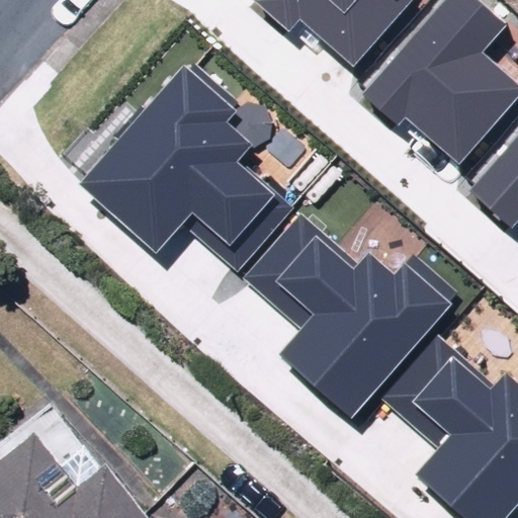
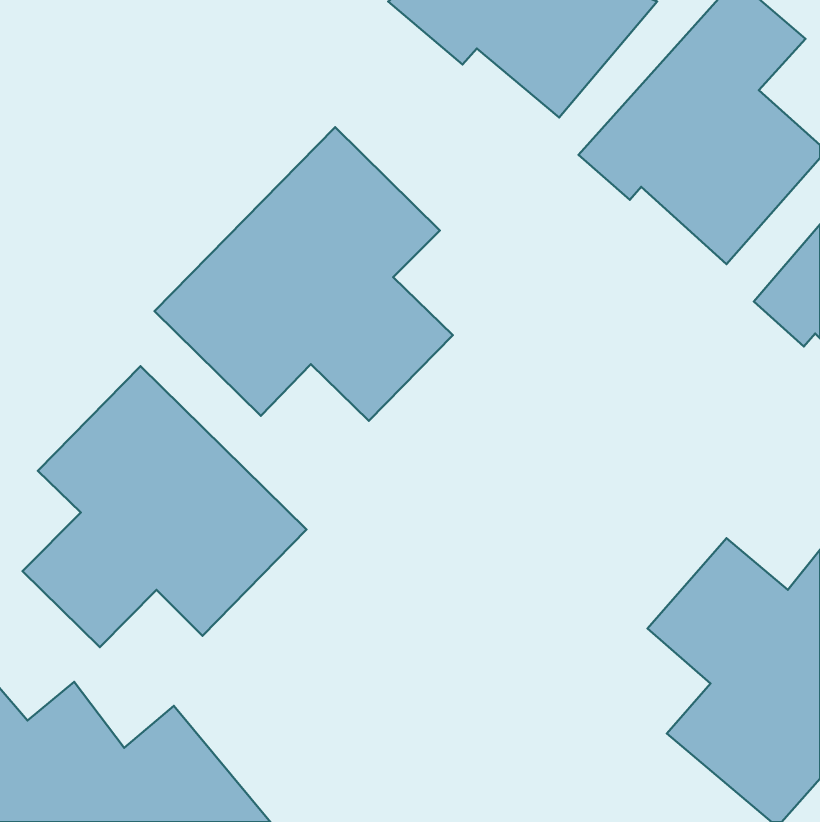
building: [261,224,449,407] -> none
building: none -> [23,366,307,647]

